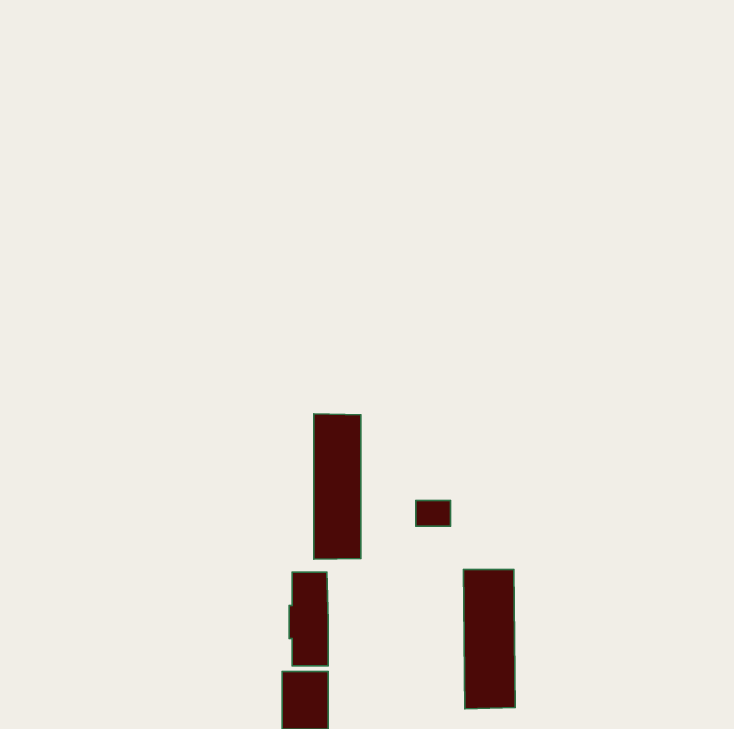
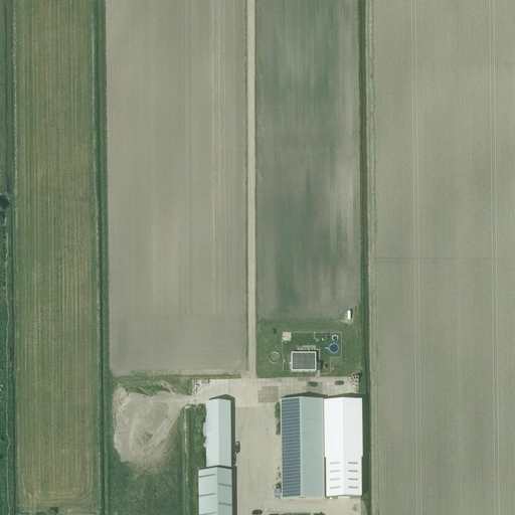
building: [314,414,361,559] -> none
building: none -> [281,398,323,496]

